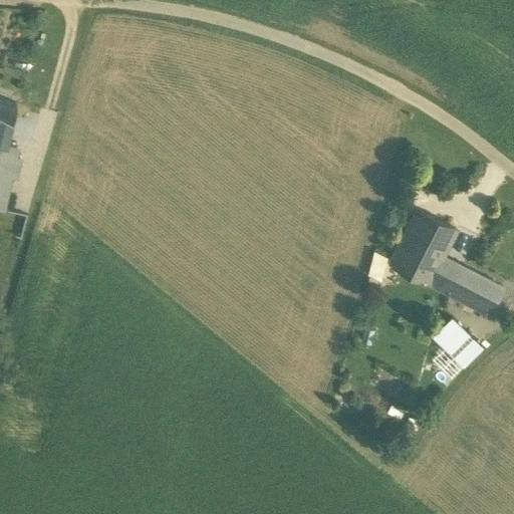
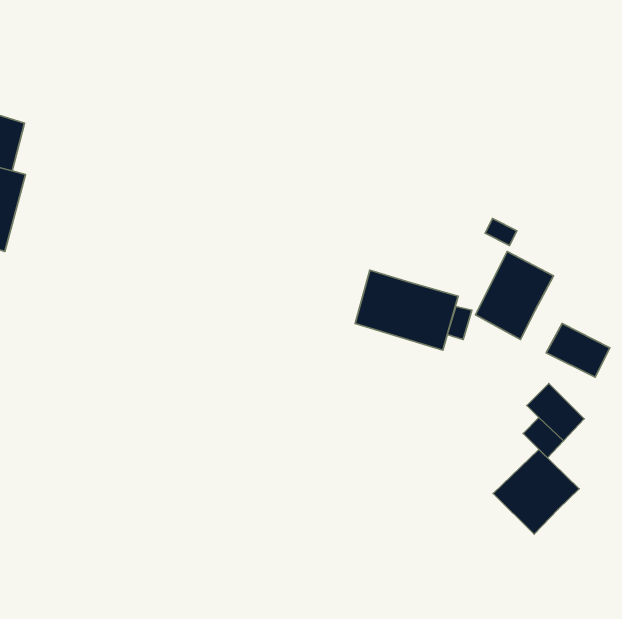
building: none -> [355,270,458,350]
building: [428,259,462,294] -> none
building: none -> [493,449,579,534]

